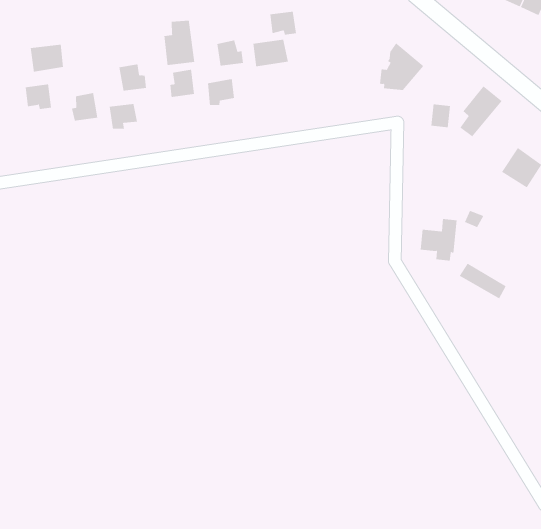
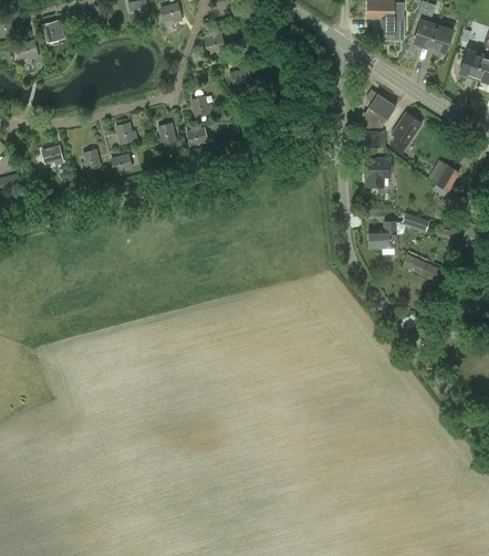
building: [164,20,195,66] -> none
building: [253,39,288,67] -> none
building: [379,43,424,91] -> [362,90,396,127]
building: [30,44,64,73] -> none
building: none -> [365,159,392,187]

